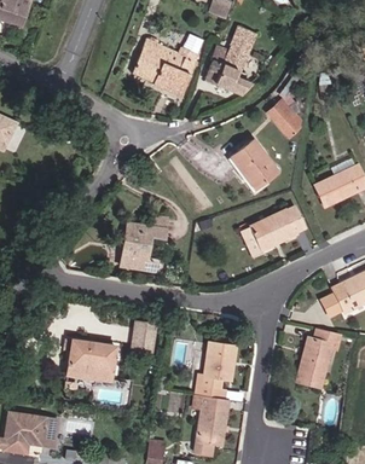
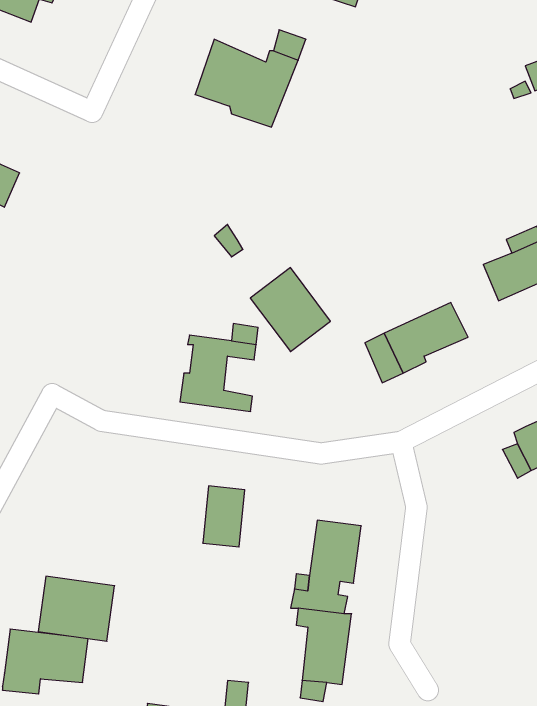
building: [203,21,254,92] -> none
building: [267,100,306,139] -> none
building: [231,138,282,191] -> [250,268,330,352]
building: [300,326,337,382] -> none
building: [69,341,117,382] -> [38,576,115,641]

